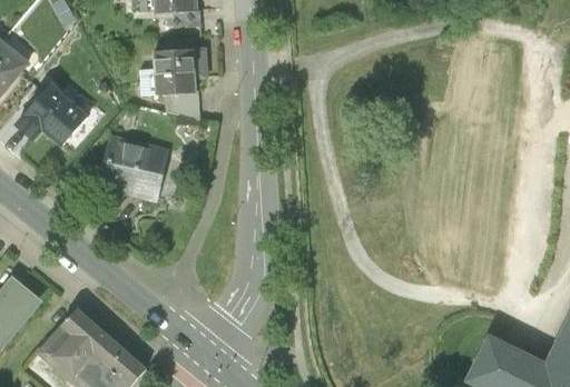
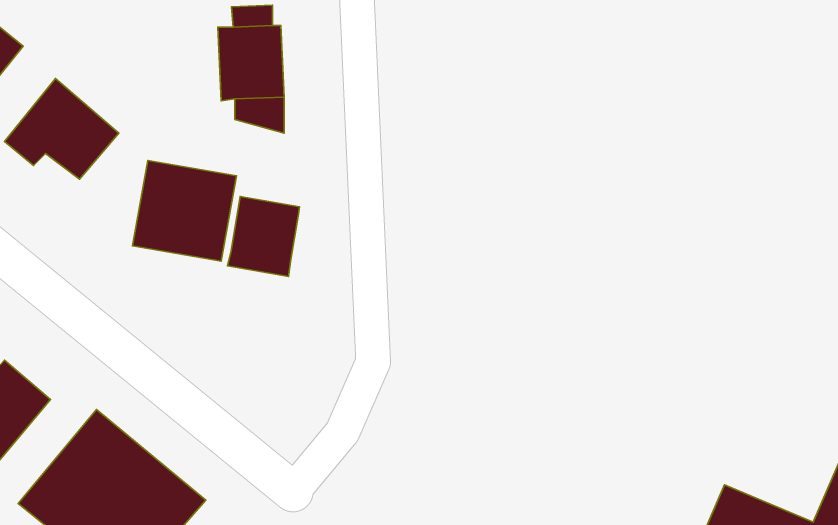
building: none -> [228,196,299,276]

